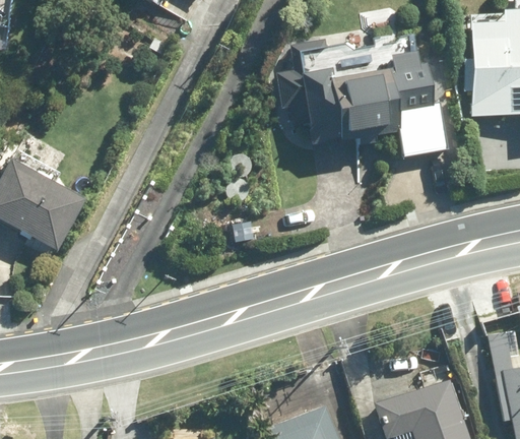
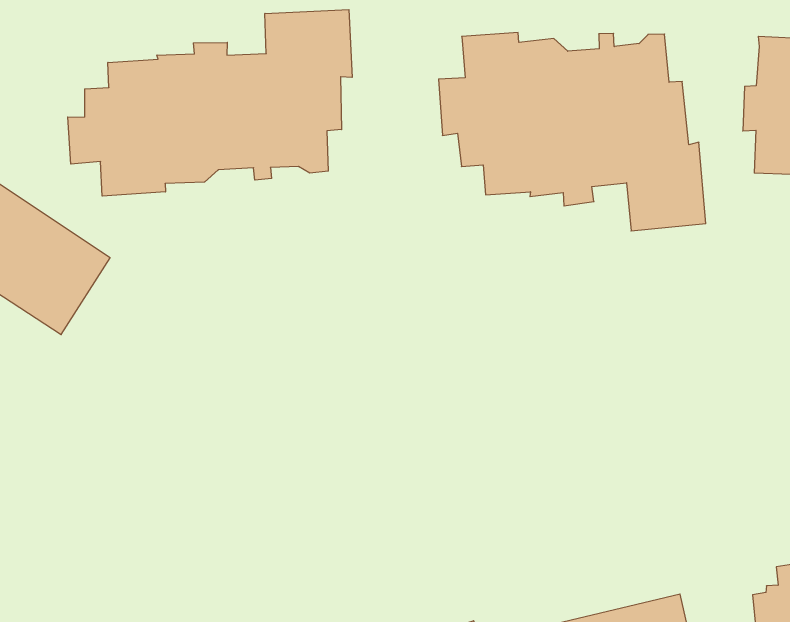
building: none -> [68,10,352,196]

